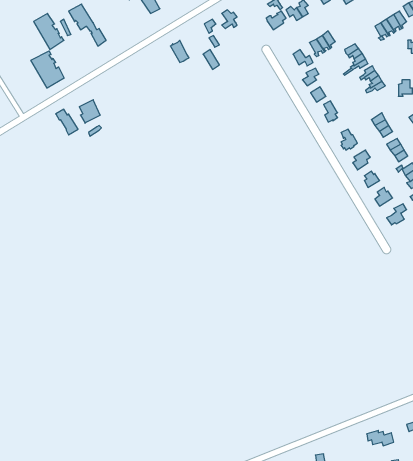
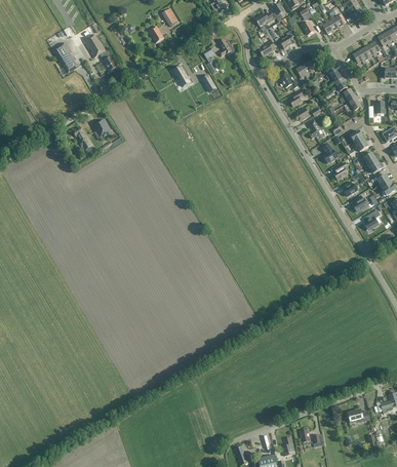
building: [31,51,64,88] -> none

